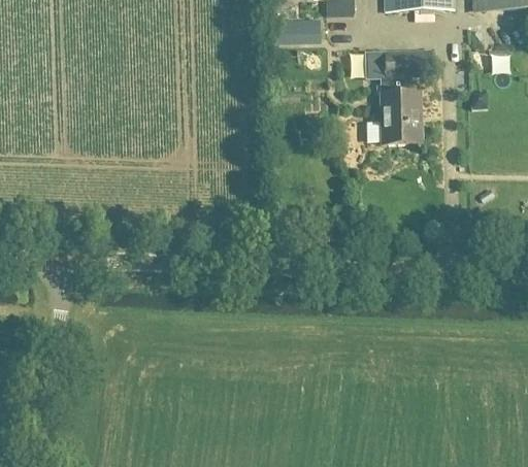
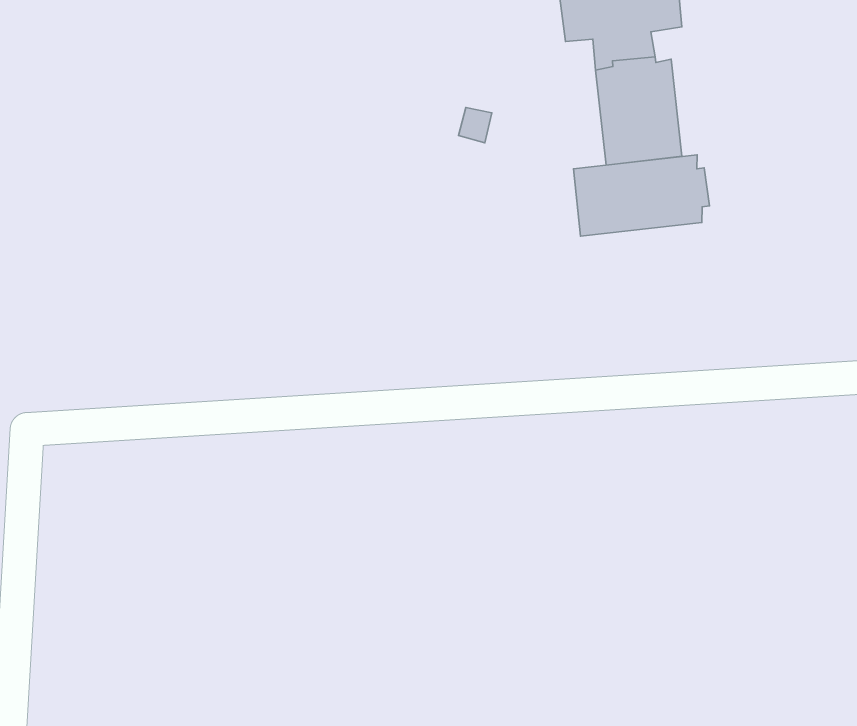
building: none -> [573,155,710,236]

